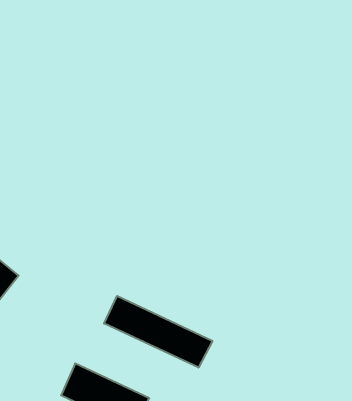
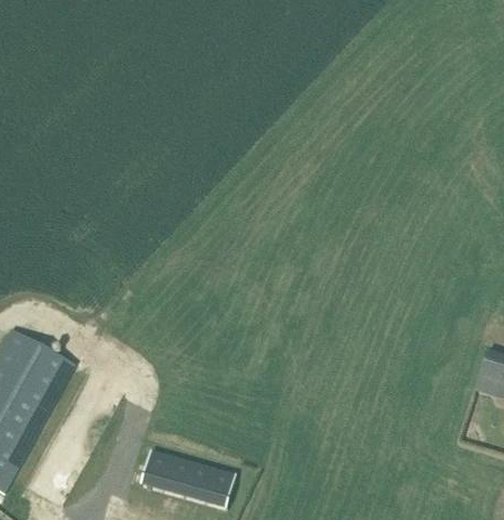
building: [104,296,212,368] -> none

